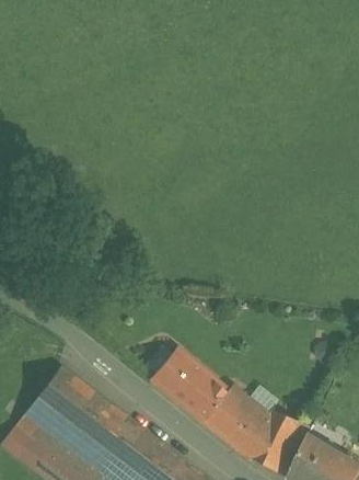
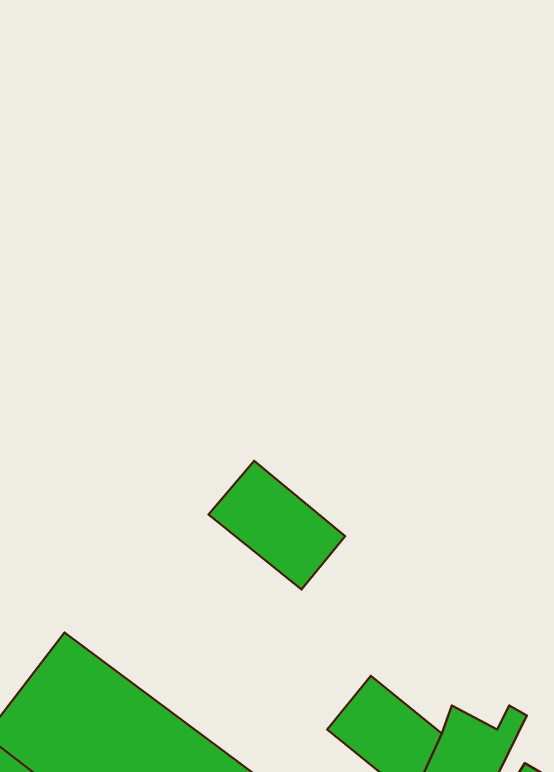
building: [152,352,228,423] -> [209,461,345,590]

